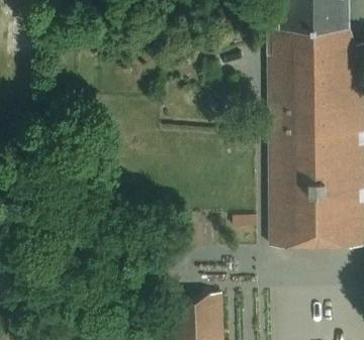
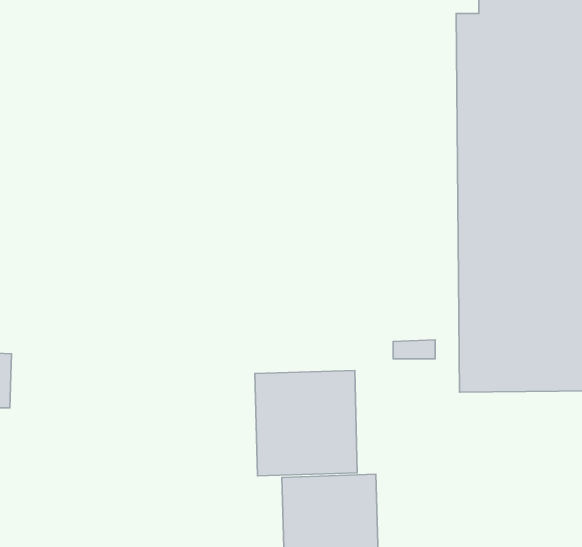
building: none -> [255,370,357,476]

